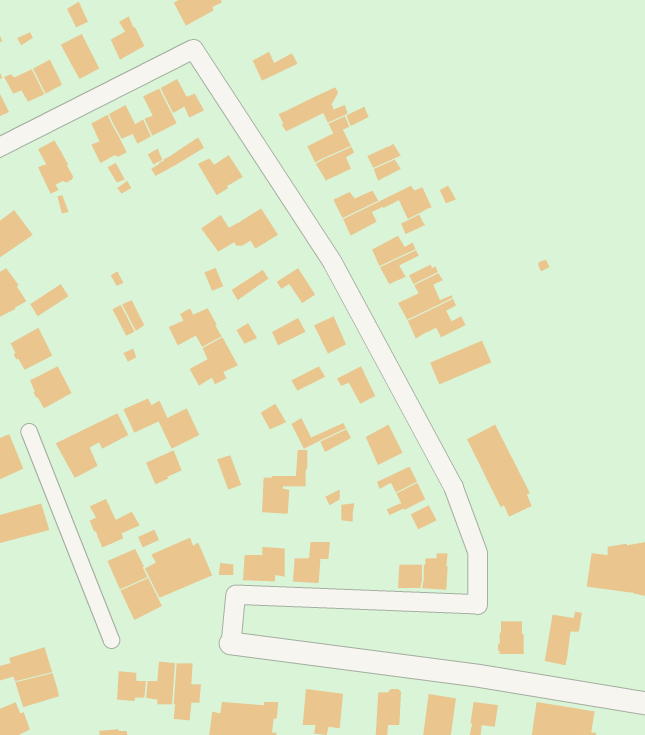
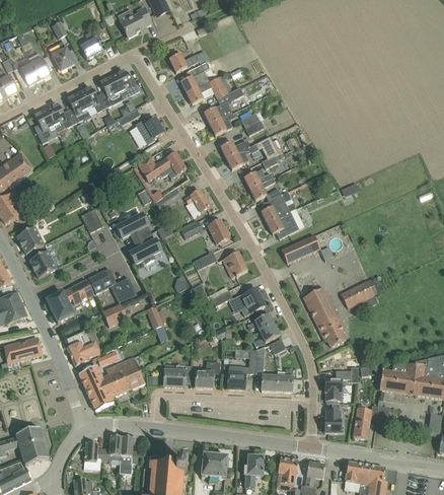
building: none -> [180,62,209,92]
building: none -> [46,103,74,132]
building: none -> [341,280,374,307]
building: [261,450,308,514] -> [227,349,256,390]
building: none -> [323,367,359,400]

